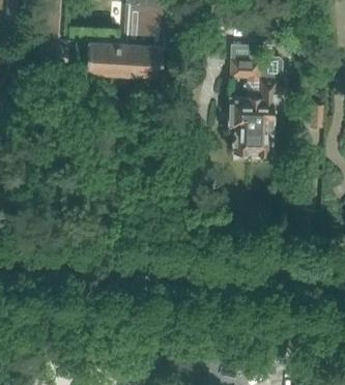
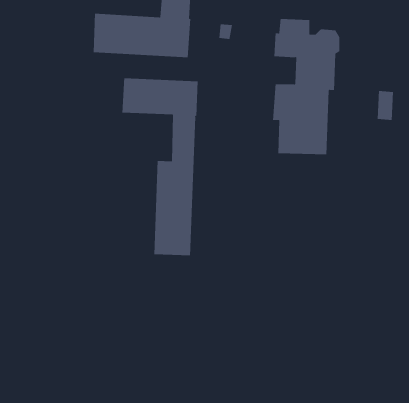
building: none -> [122,78,198,256]

